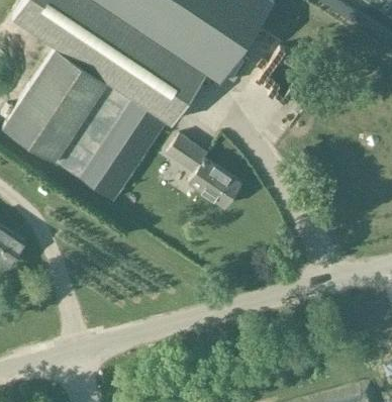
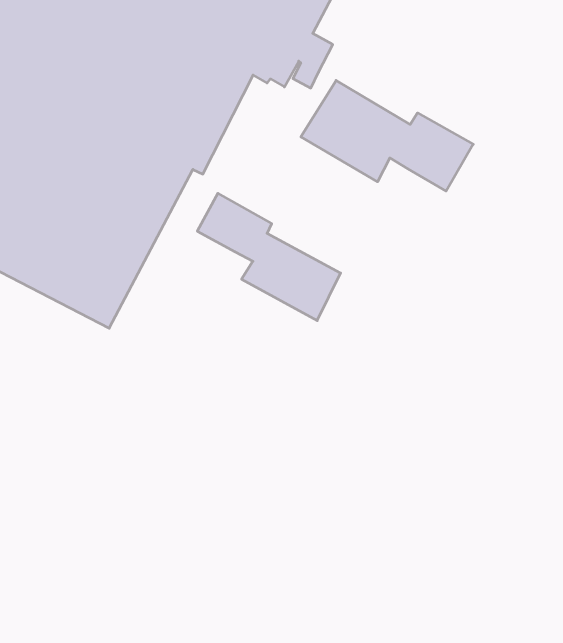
building: none -> [301,80,473,191]

